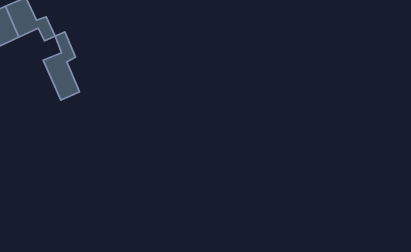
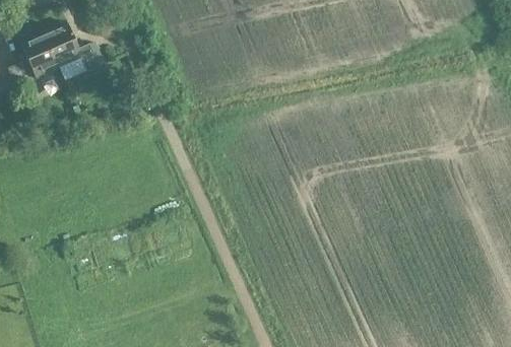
building: [43,32,79,100] -> none

